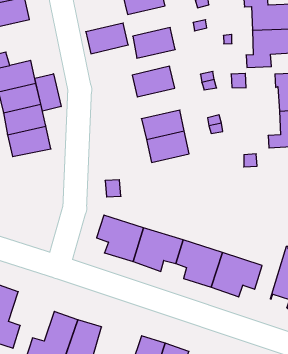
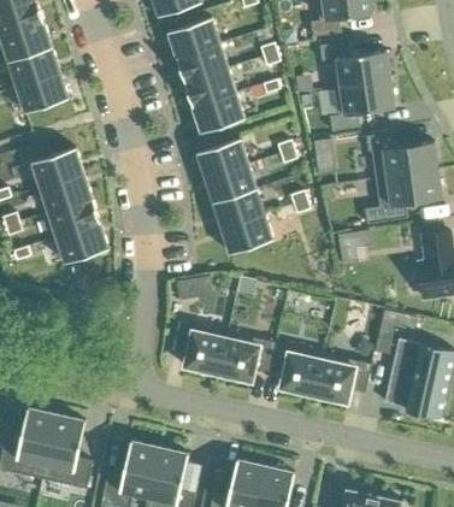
building: [86,23,128,54] -> [184,69,236,108]
building: [35,74,61,111] -> none
building: none -> [205,165,257,205]

